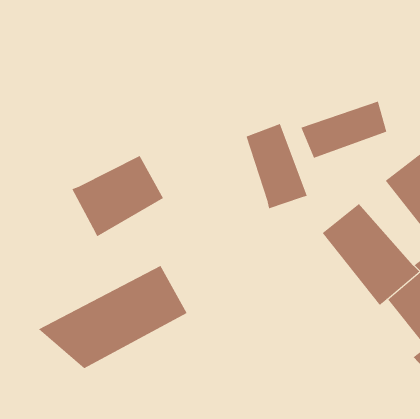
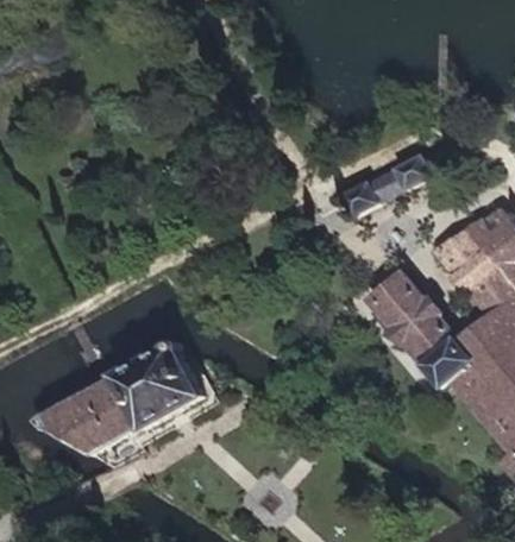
building: [246,123,307,209] -> none
building: [71,155,164,237] -> none

